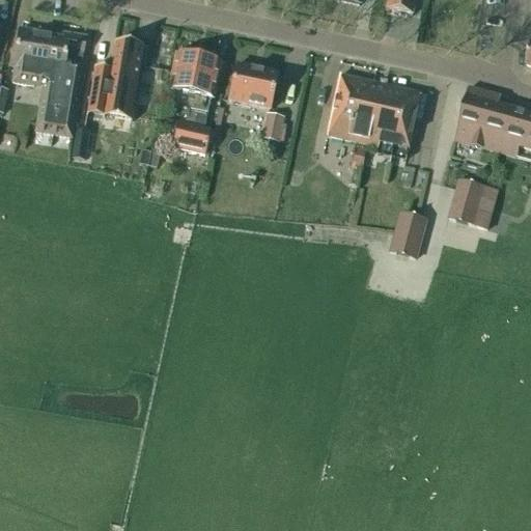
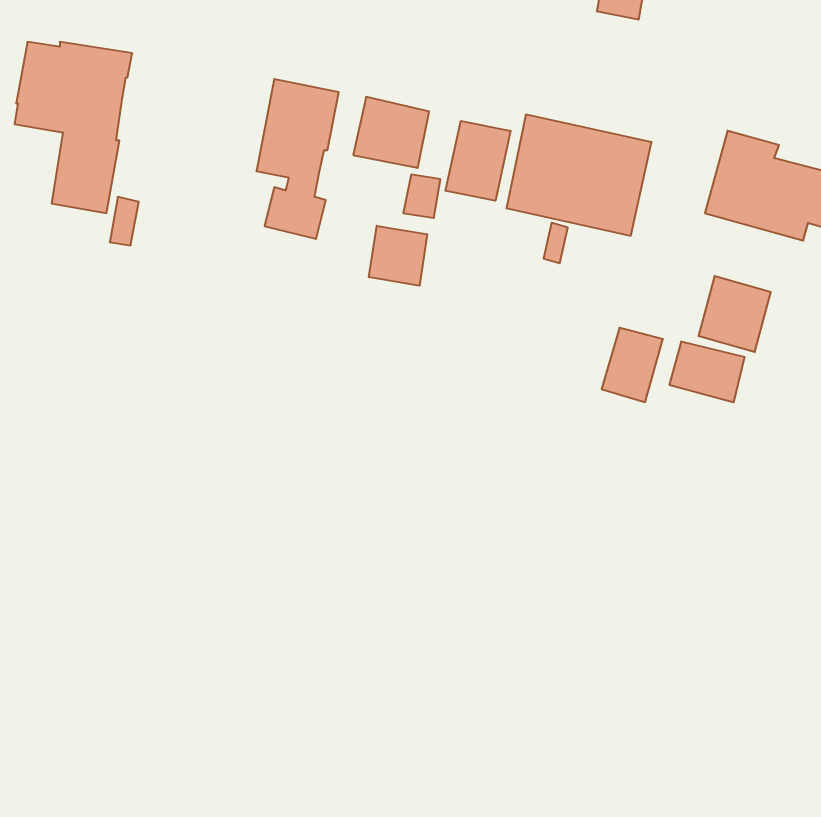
building: [87,39,145,119] -> none
building: none -> [446,121,511,201]
building: none -> [369,226,427,286]
building: none -> [670,341,745,402]

